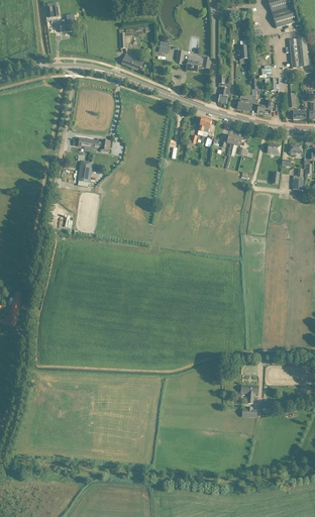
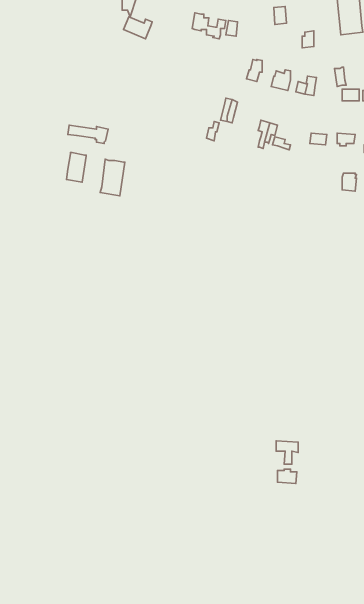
building: none -> [100,159,125,196]

